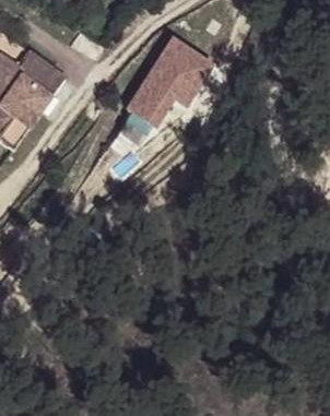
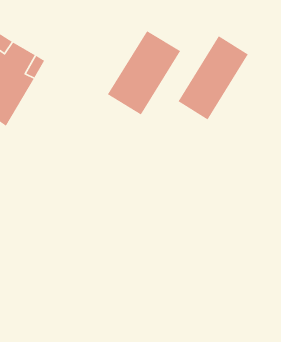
building: none -> [177,35,249,120]

